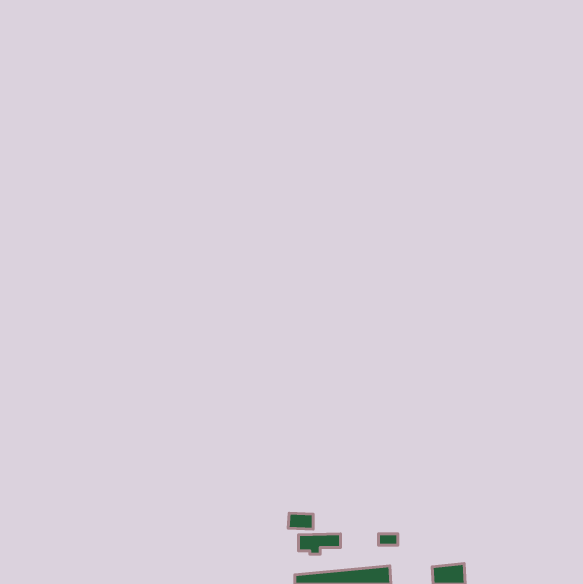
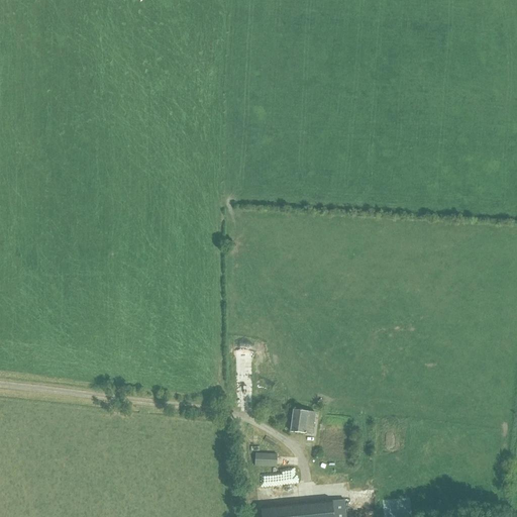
building: none -> [291,411,314,434]

